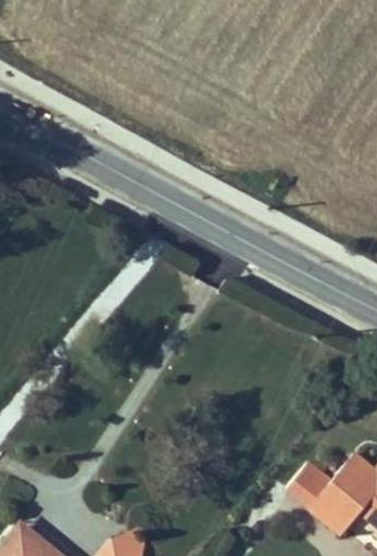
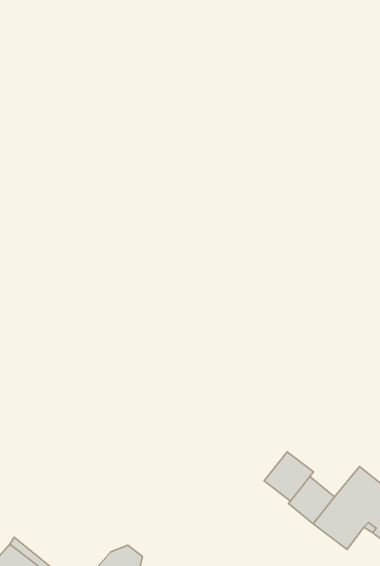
building: none -> [264,452,314,501]

